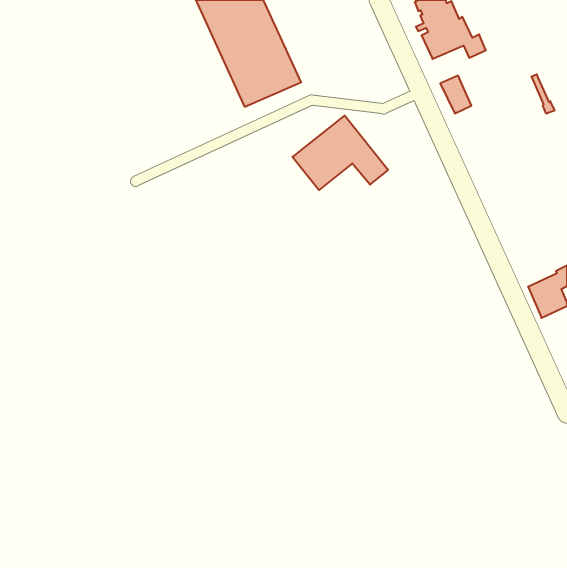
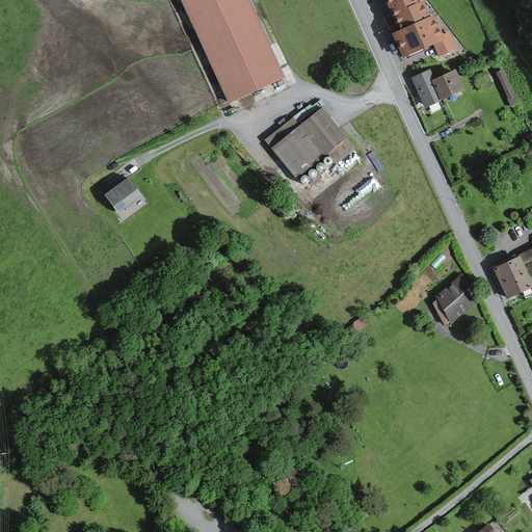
building: none -> [432,71,462,99]
building: none -> [106,180,138,211]
building: none -> [432,276,476,322]

